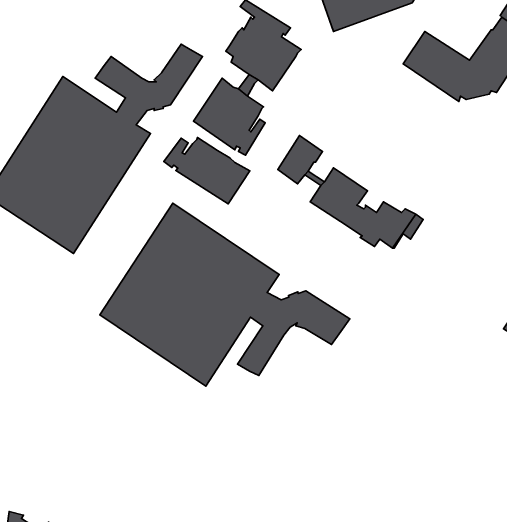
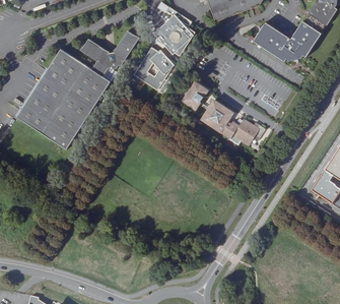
building: [164,137,250,204] -> none
building: [100,203,350,386] -> none

